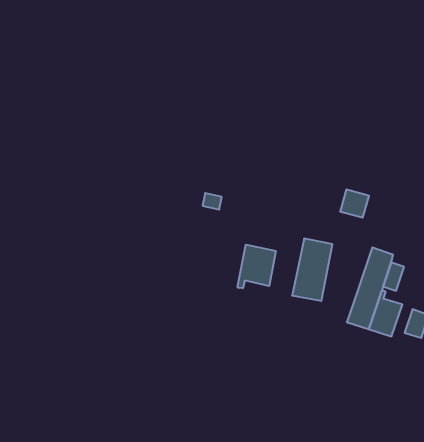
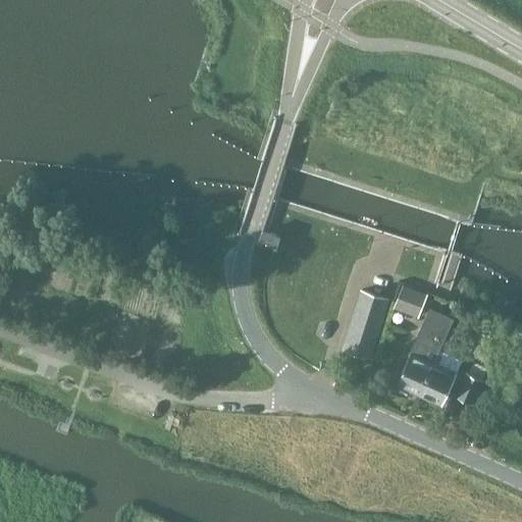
building: [340,190,369,218] -> [394,284,426,316]
building: [238,245,276,288] -> none

